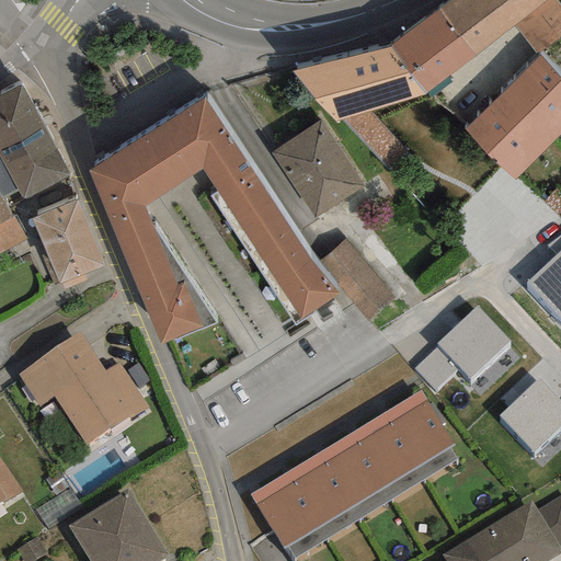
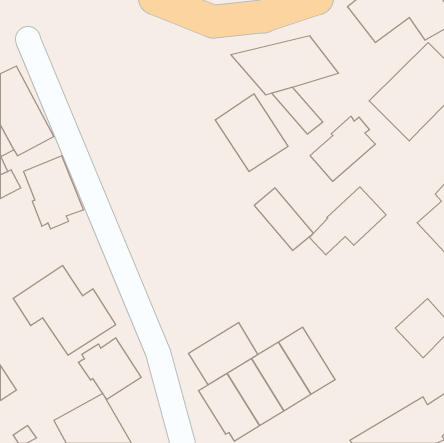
building: [391,9,473,91] -> none
building: [88,96,337,344] -> none
building: none -> [310,116,376,181]
building: [414,304,511,389] -> [309,187,386,255]
building: [382,389,457,478] -> none
building: none -> [188,322,258,385]
building: none -> [78,338,141,399]

